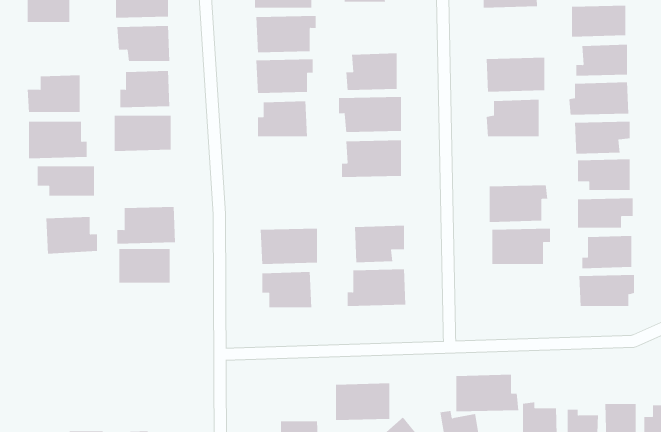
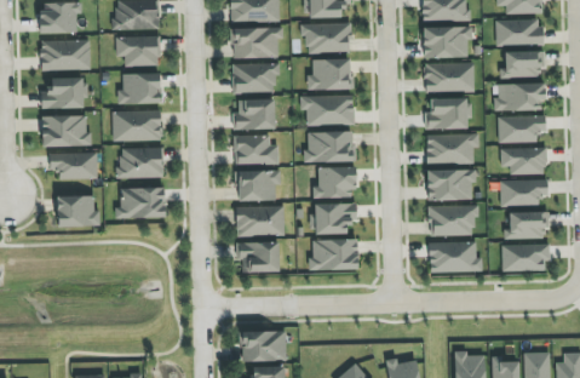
building: none -> [303,23,350,52]
building: none -> [421,25,471,57]
building: none -> [40,39,90,70]
building: none -> [425,133,478,162]
building: none -> [234,134,278,165]
building: none -> [312,166,355,197]
building: none -> [236,170,280,201]
building: [118,248,170,283] -> [119,148,162,177]
building: [455,374,519,412] -> [429,241,482,273]
building: [335,383,390,421] -> [240,330,286,361]

